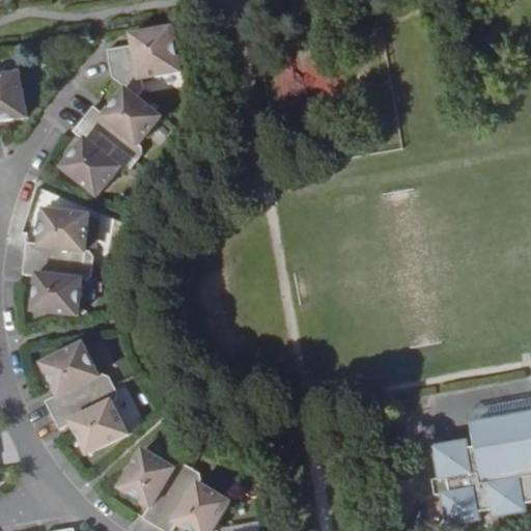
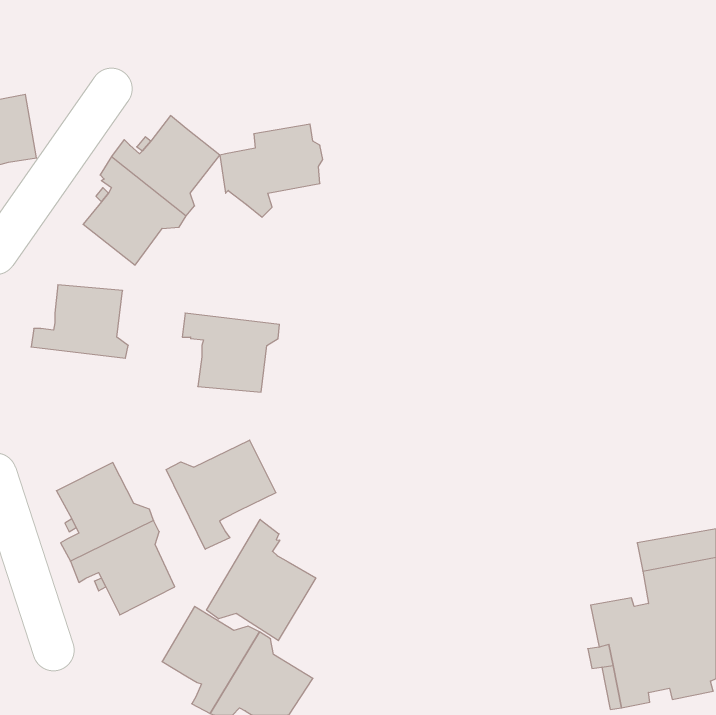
building: [106,26,181,94] -> [220,124,323,217]
building: [21,255,92,313] -> [182,313,279,392]
building: none -> [166,440,276,549]
building: none -> [207,519,316,641]

